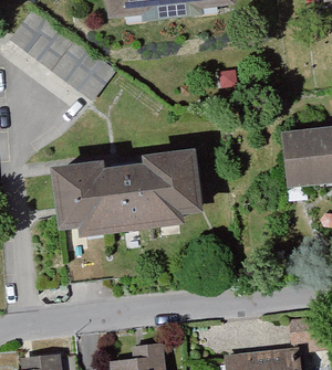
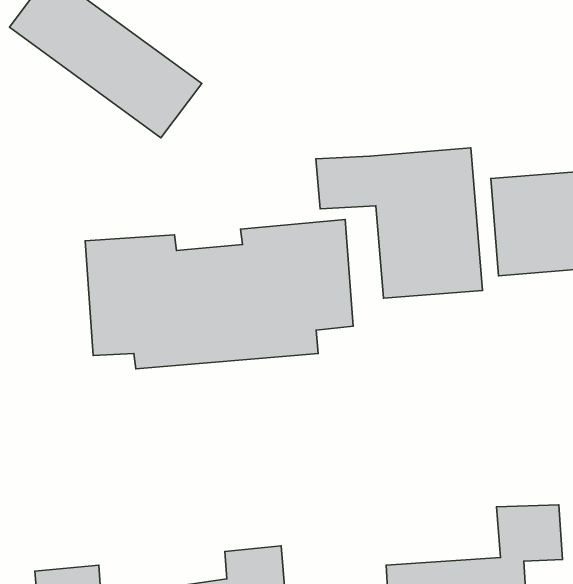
building: none -> [316,148,483,298]

